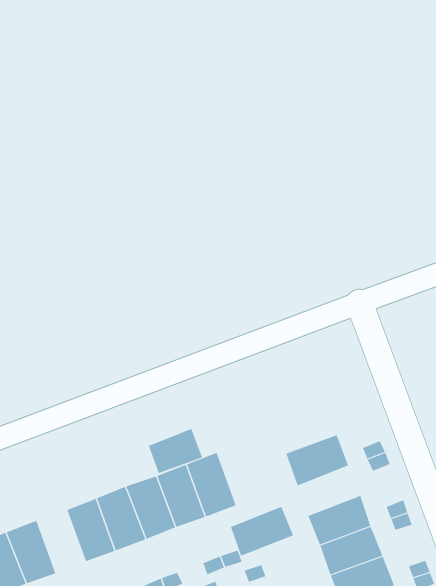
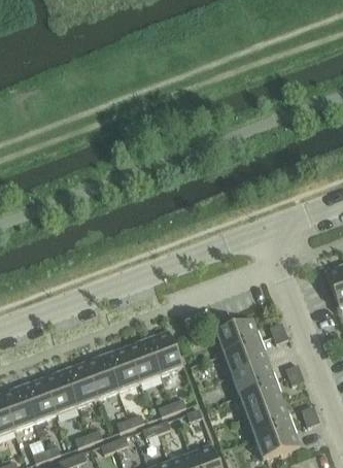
building: [148,428,203,474] -> none
building: [230,506,294,556] -> [224,339,268,374]
building: none -> [42,370,76,414]

